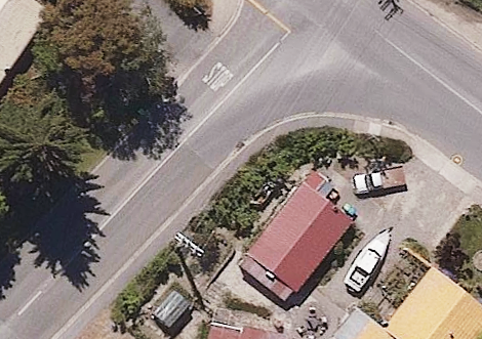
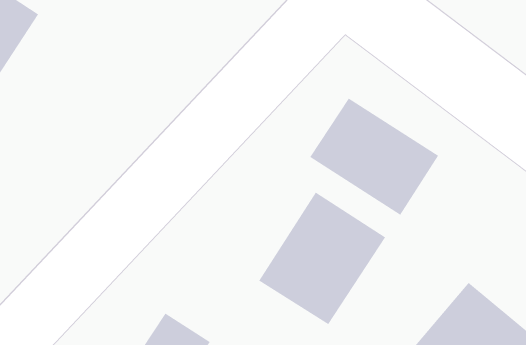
building: none -> [309,97,439,216]

